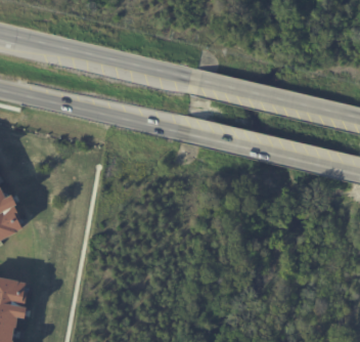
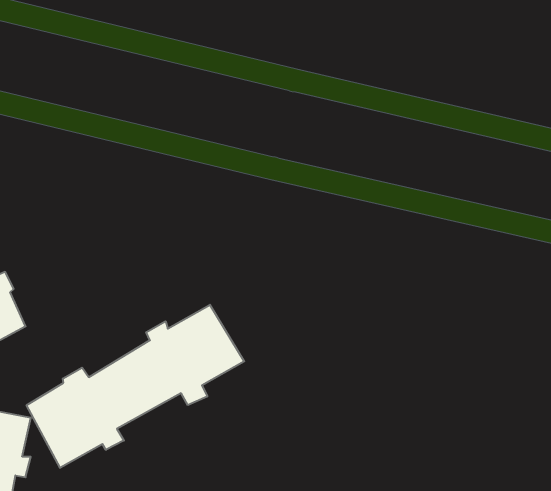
building: none -> [27,305,244,468]

